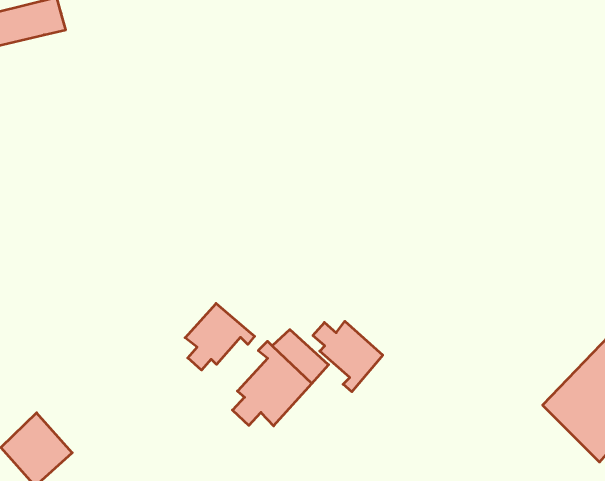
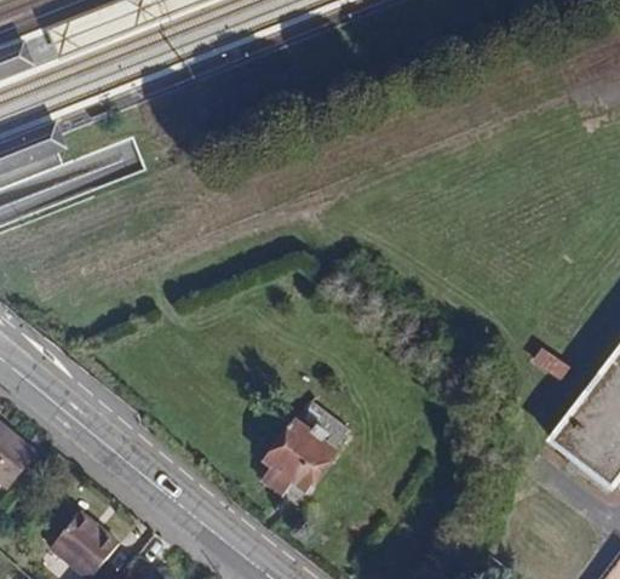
building: [185,303,255,370] -> none
building: [313,321,383,392] -> none

